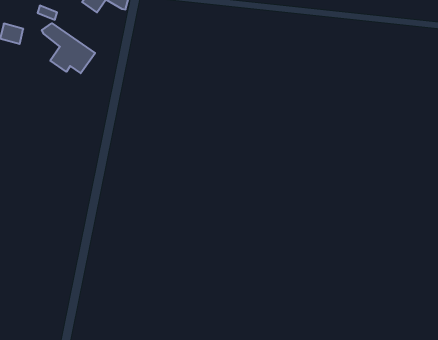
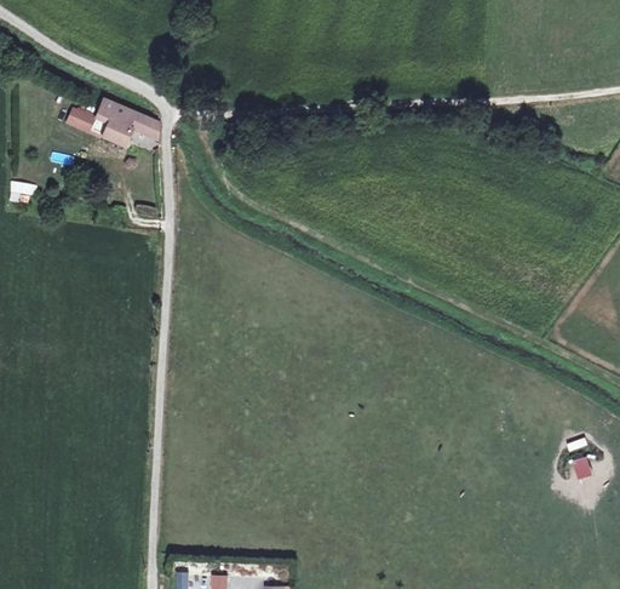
building: [42,23,95,73] -> none

